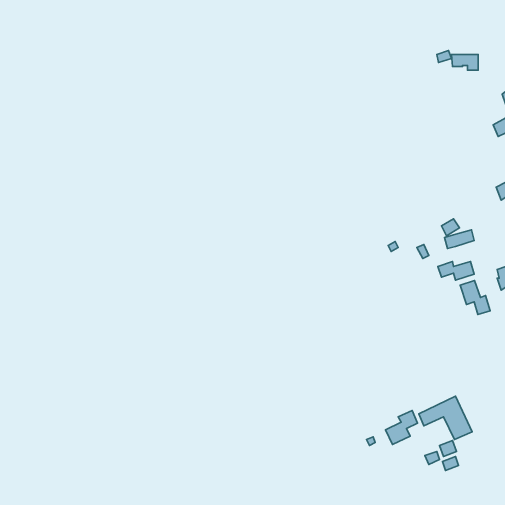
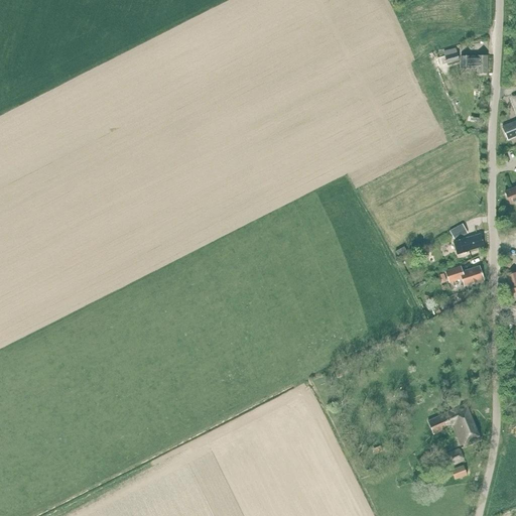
building: [460,280,490,314] -> none
building: [386,411,418,444] -> none

